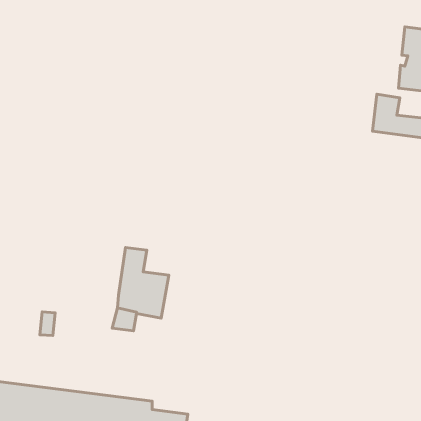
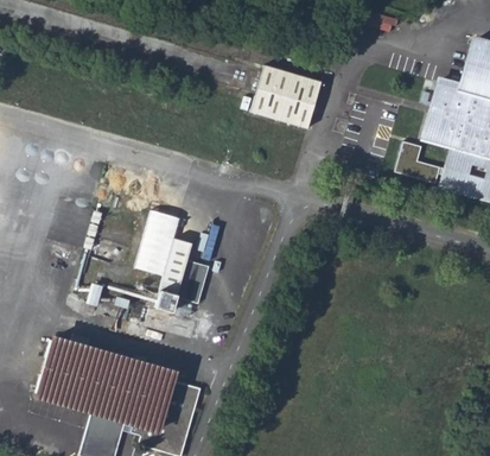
building: none -> [249,64,323,128]
building: none -> [135,211,179,277]

